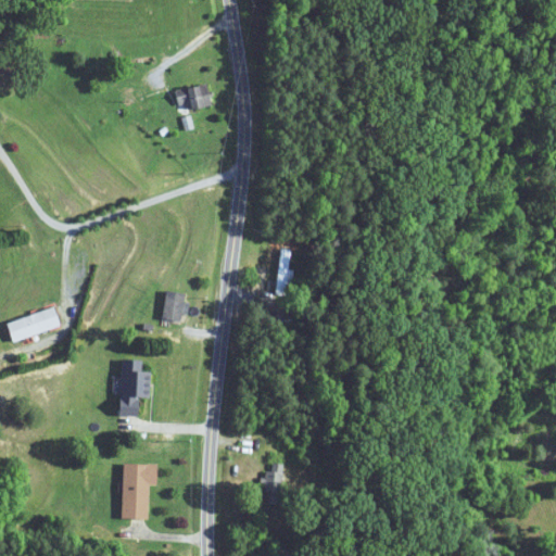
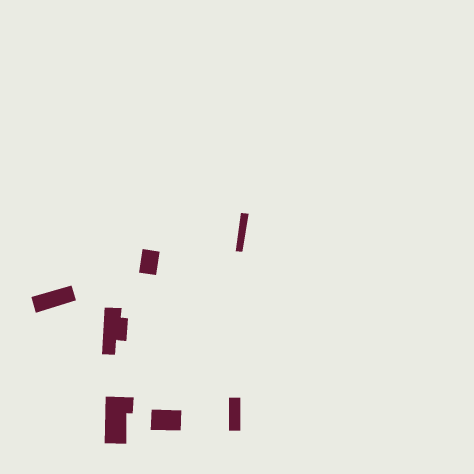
building: [175,85,211,111] -> none
building: [7,308,61,342] -> [30,285,77,313]
building: none -> [150,409,182,431]

